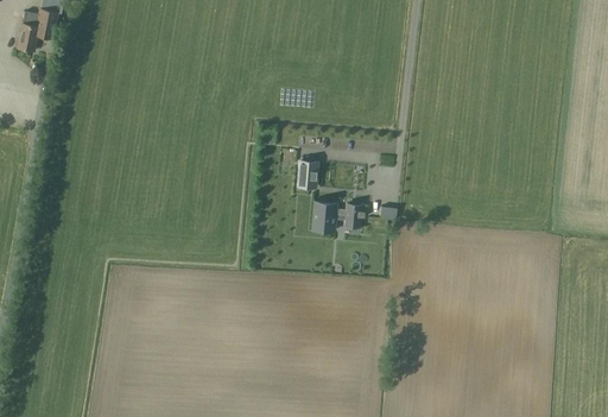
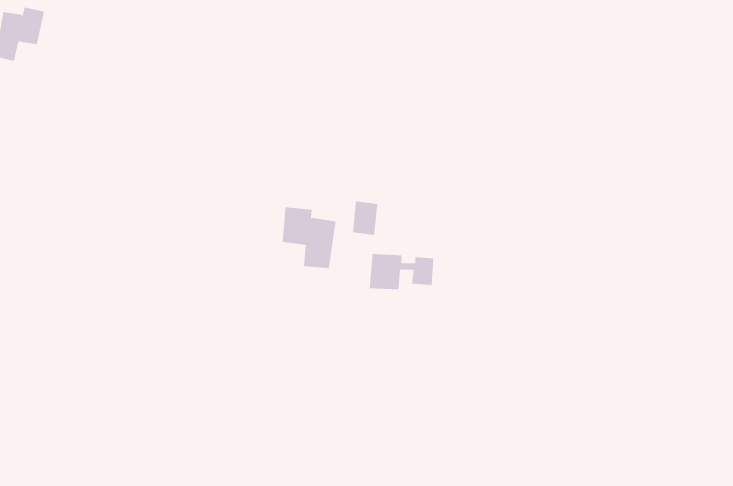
building: none -> [282,207,336,269]

